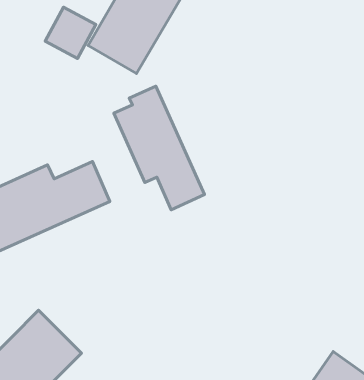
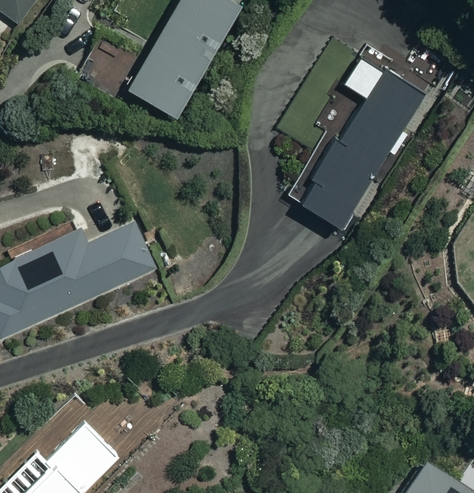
building: none -> [291,54,424,230]
building: [114,86,204,210] -> none

